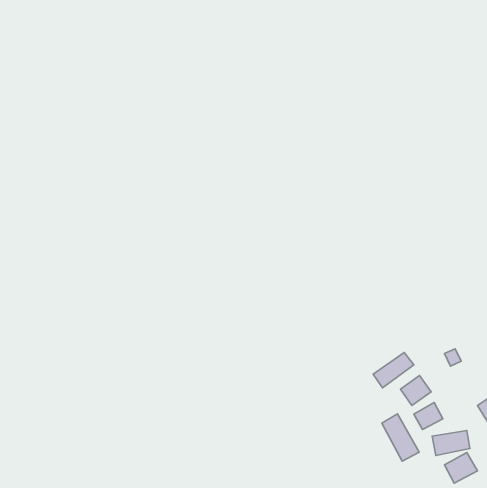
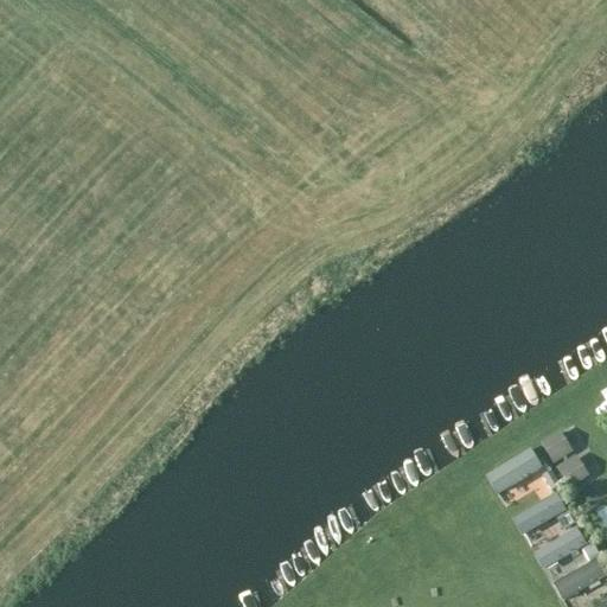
building: [373,352,414,388] -> none
building: [382,414,419,461] -> none

